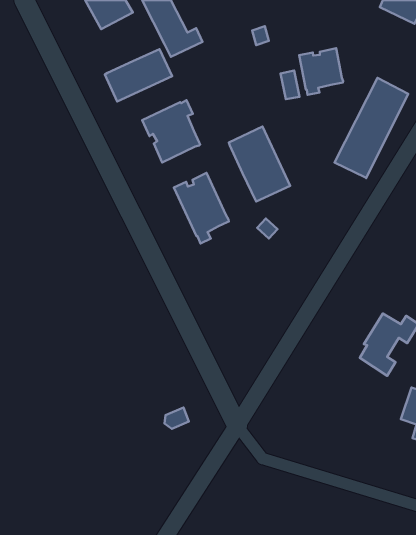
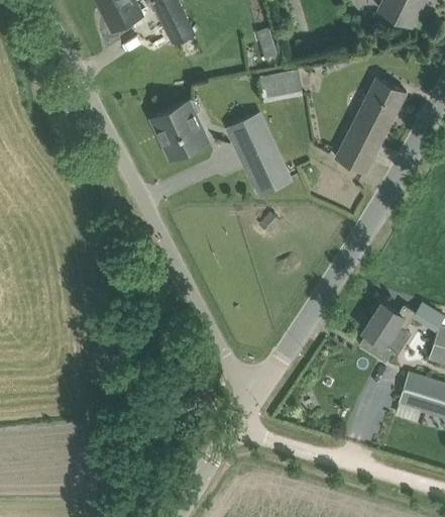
building: [299,48,343,95] -> none
building: [105,49,172,102] -> none
building: [174,173,229,244] -> none

